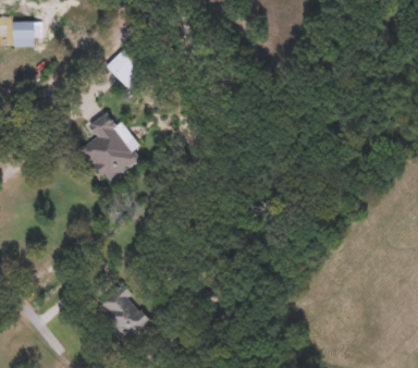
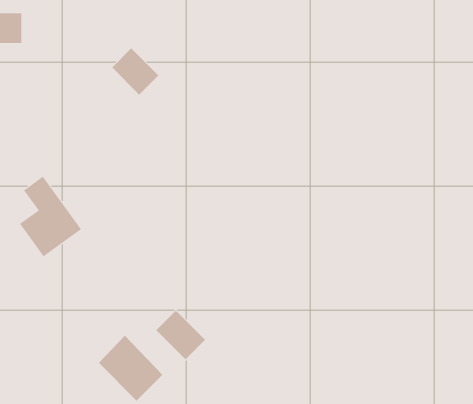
building: [88,116,139,183] -> [19,176,82,257]
building: none -> [155,310,206,360]

